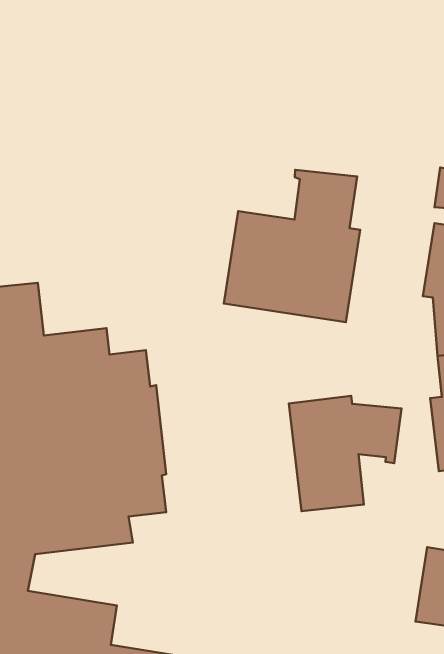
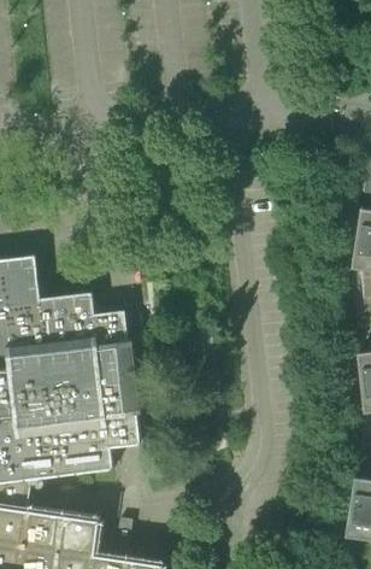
building: [224,170,360,322] -> none
building: [289,396,402,511] -> none

